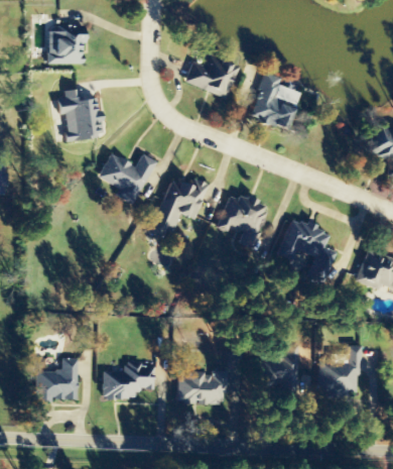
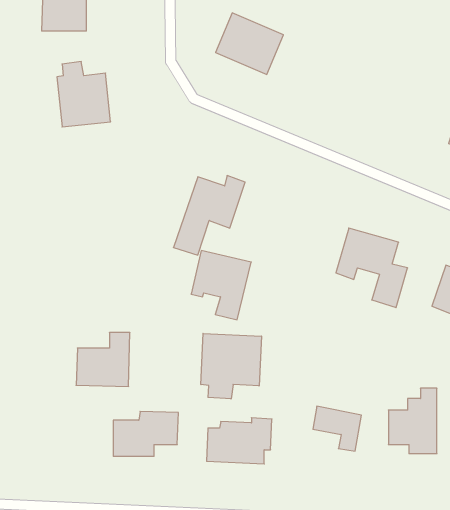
building: [249,72,297,128] -> none
building: [98,153,154,204] -> none
building: [220,194,267,248] -> [191,251,251,320]
building: none -> [201,333,261,399]
building: [35,358,78,400] -> [76,333,130,386]

